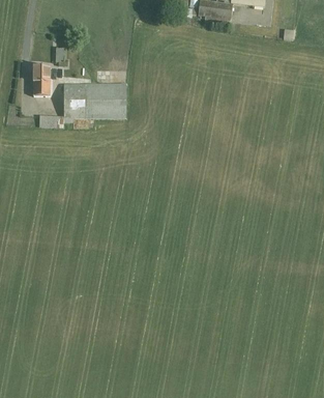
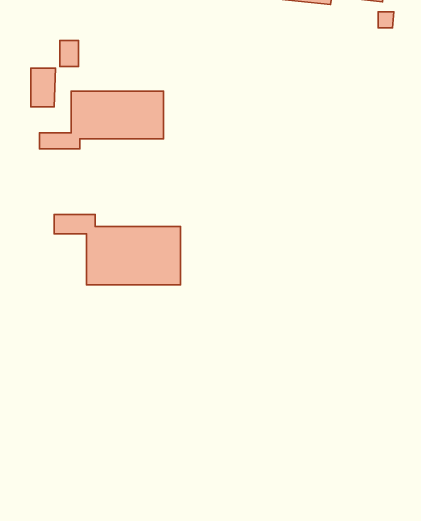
building: none -> [54,214,180,285]

